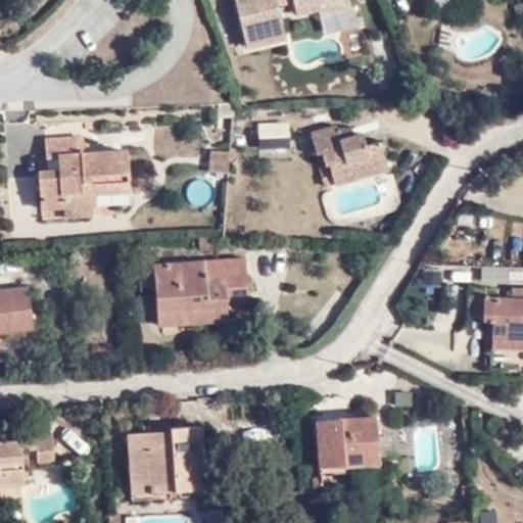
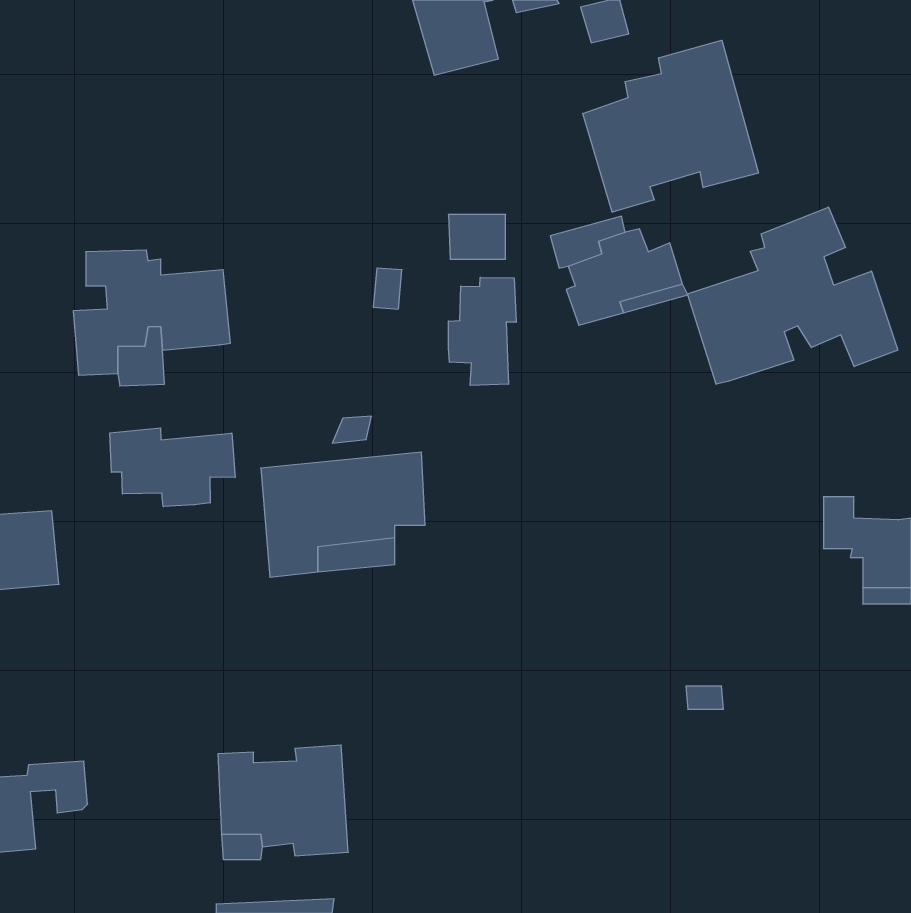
building: none -> [583,40,758,212]
building: none -> [687,207,898,384]
building: none -> [448,277,516,385]
building: none -> [110,428,235,507]
building: [317,415,375,466] -> none

